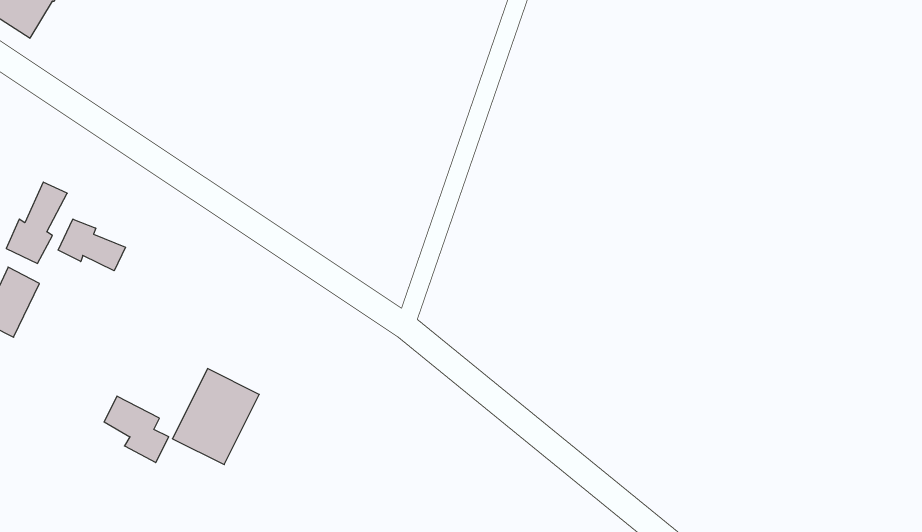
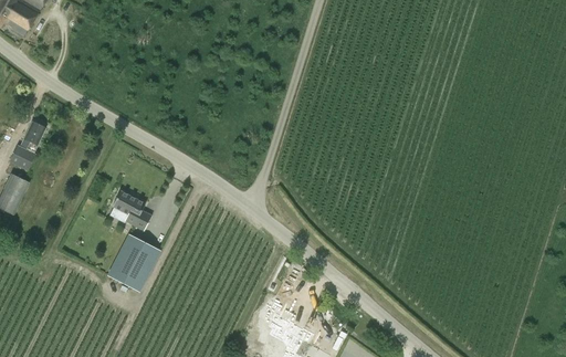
building: [58,219,125,271] -> none
building: [104,396,169,463] -> [113,190,151,230]

